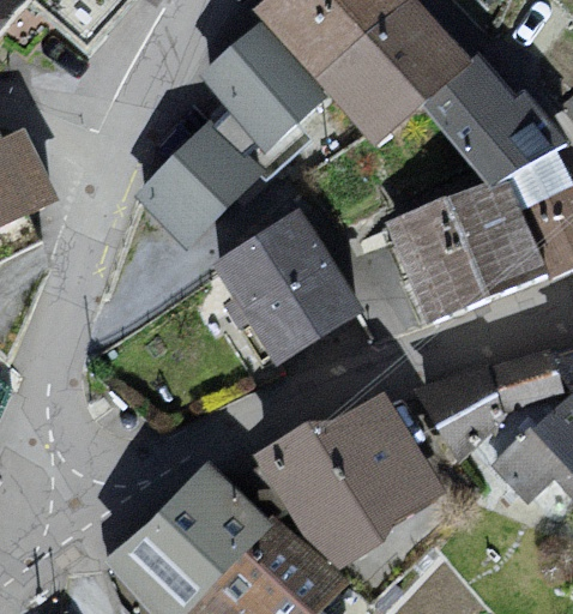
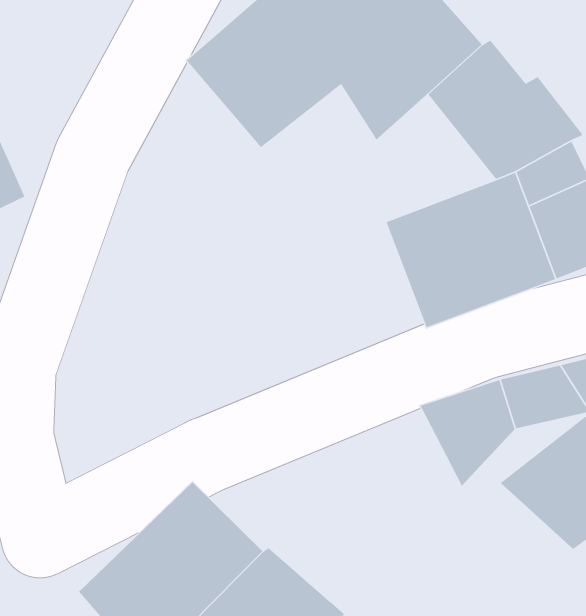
building: [134,119,260,246] -> none
building: [211,206,363,363] -> none
building: [251,390,446,568] -> none

